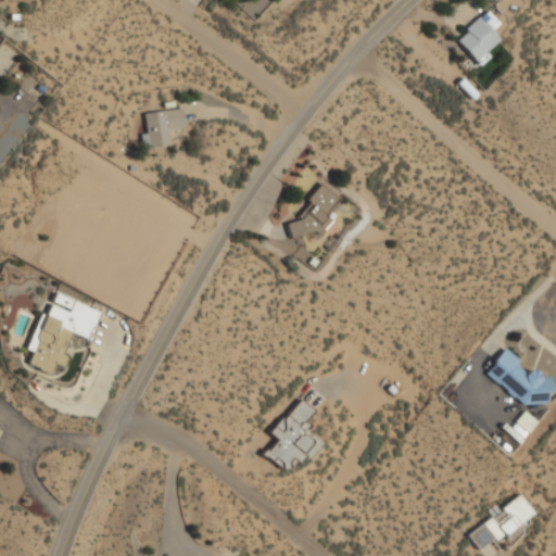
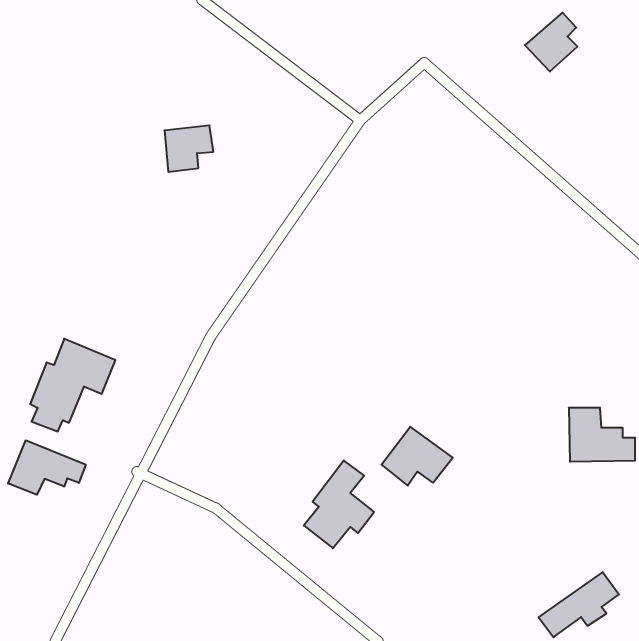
building: [290,185,342,239] -> none
building: none -> [381,427,453,486]
building: none -> [8,440,86,495]

